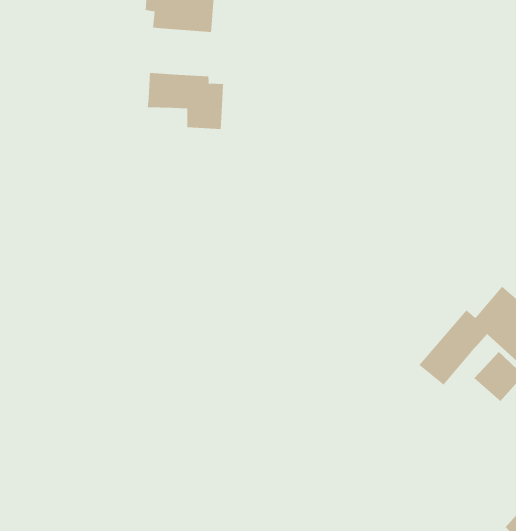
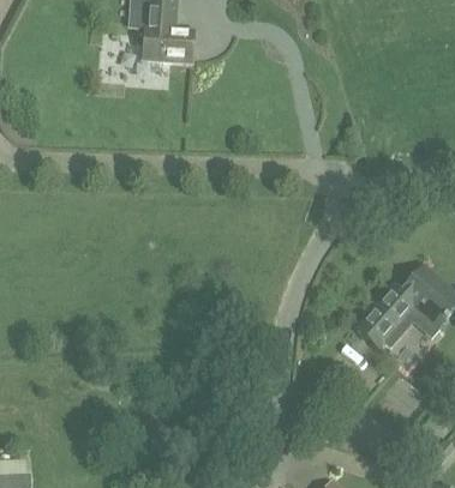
building: [147,72,224,130] -> none

